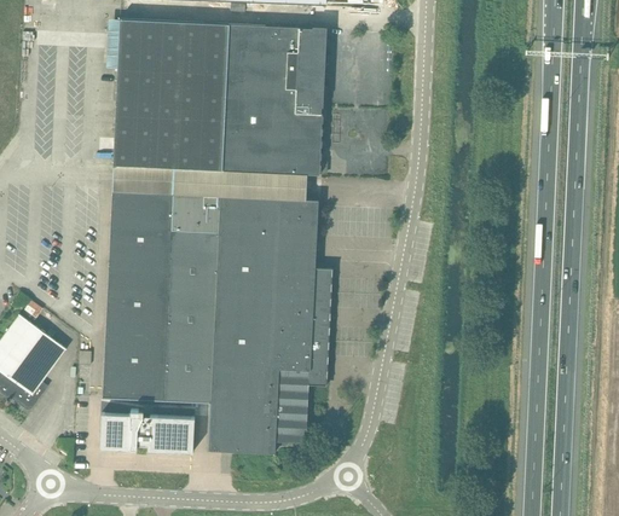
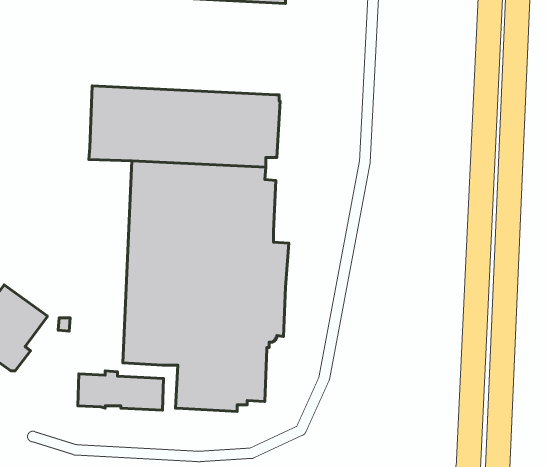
building: [116,17,322,105] -> none
building: [103,176,160,400] -> none

